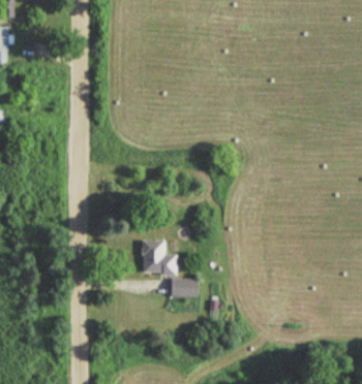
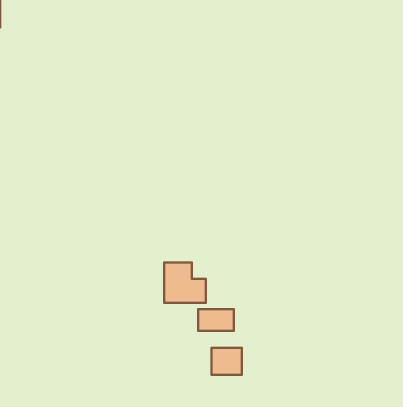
building: none -> [212,348,242,375]

